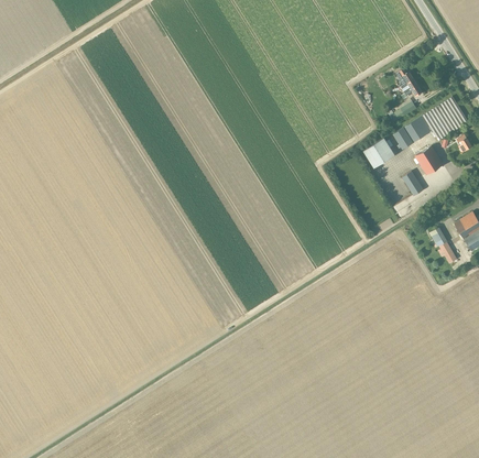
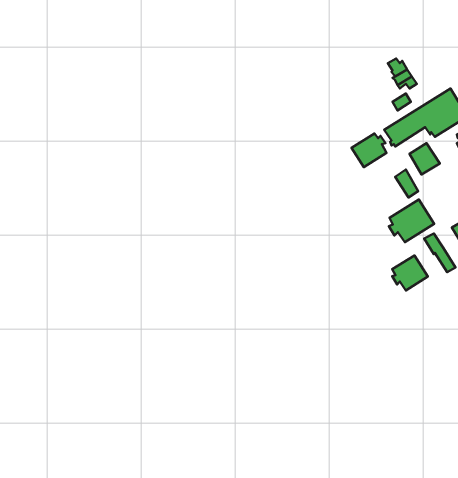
building: none -> [389,200,434,242]
building: none -> [392,255,428,290]

